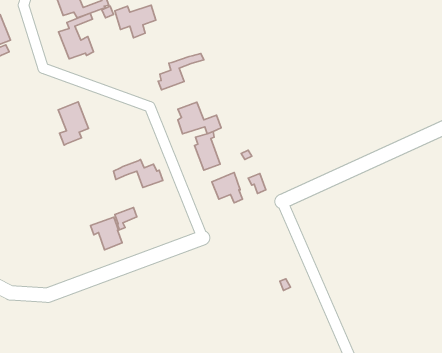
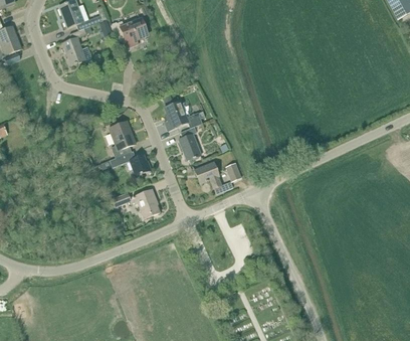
building: [158,53,204,90] -> none
building: [58,102,89,145] -> [111,121,137,158]
building: [90,217,122,250] -> [132,189,159,217]

